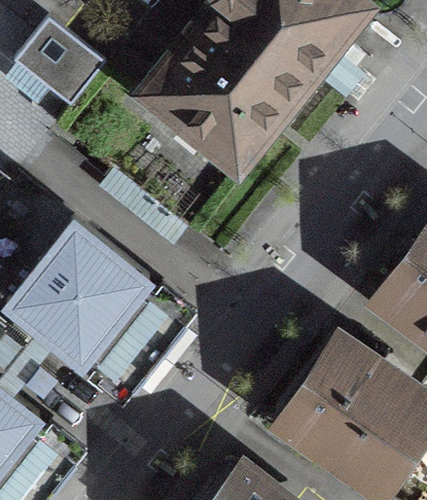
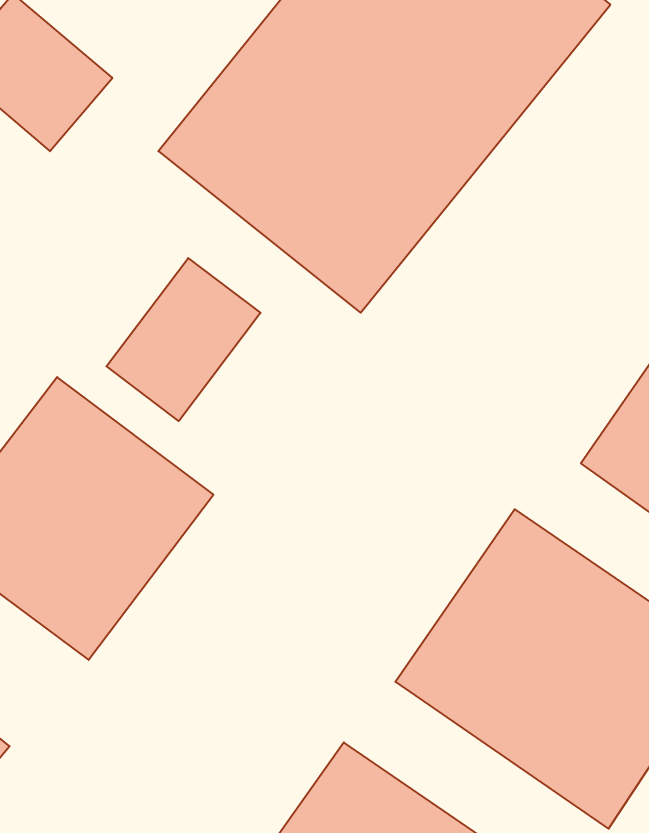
building: none -> [106,258,261,421]

